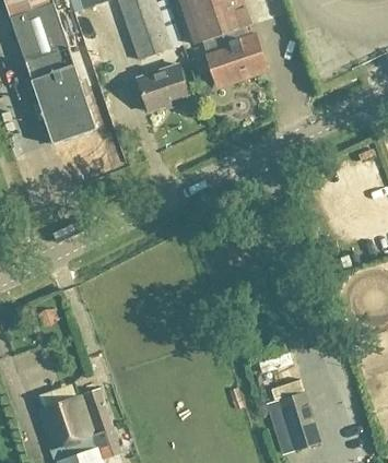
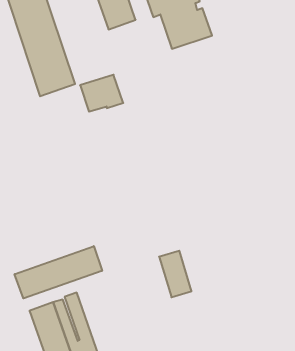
building: [136,64,189,110] -> [80,75,123,112]
building: none -> [15,246,102,298]
building: [280,392,320,450] -> [159,251,192,297]

